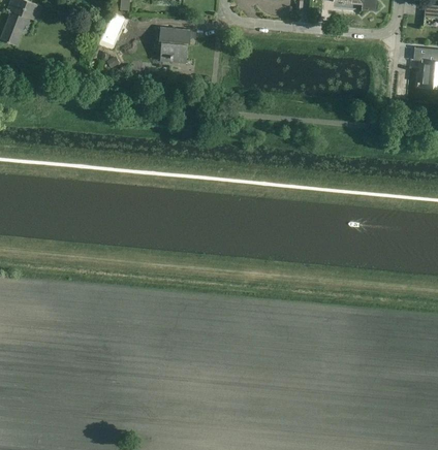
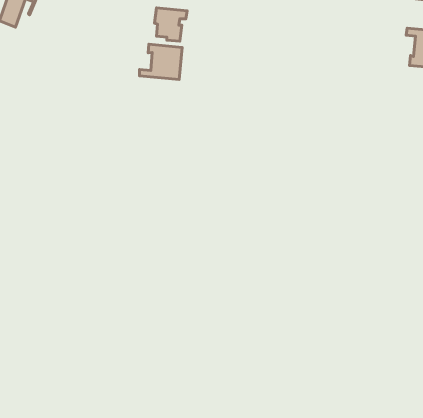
building: none -> [139,44,182,79]

